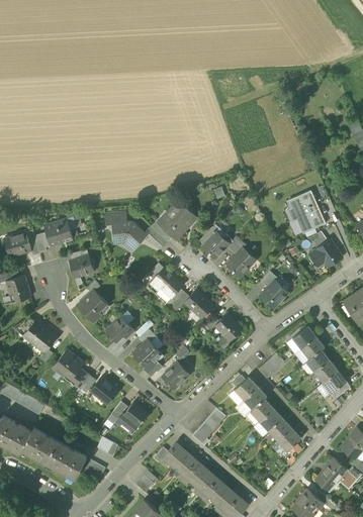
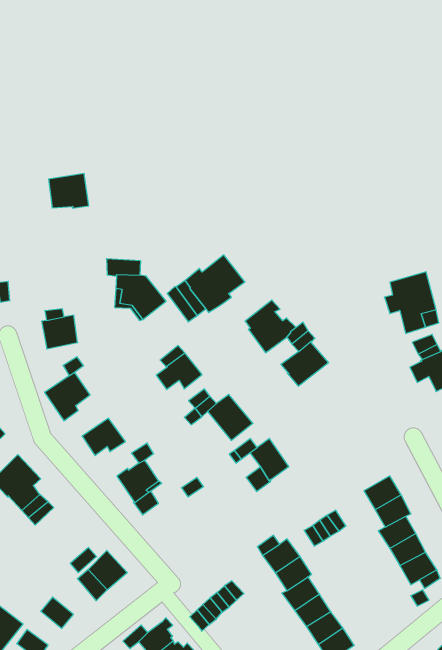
building: [43,218,72,243] -> [49,174,89,208]
building: [259,279,287,308] -> none
building: [160,360,189,390] -> none
building: [90,377,117,404] -> none

